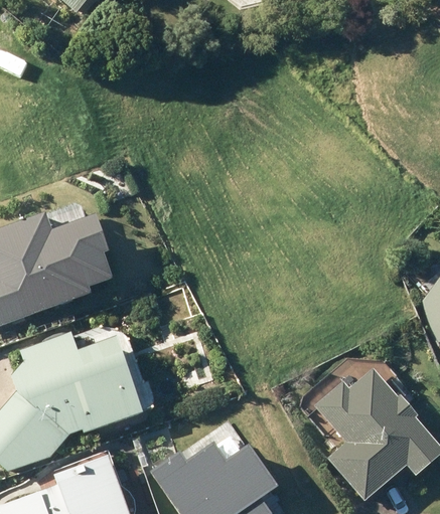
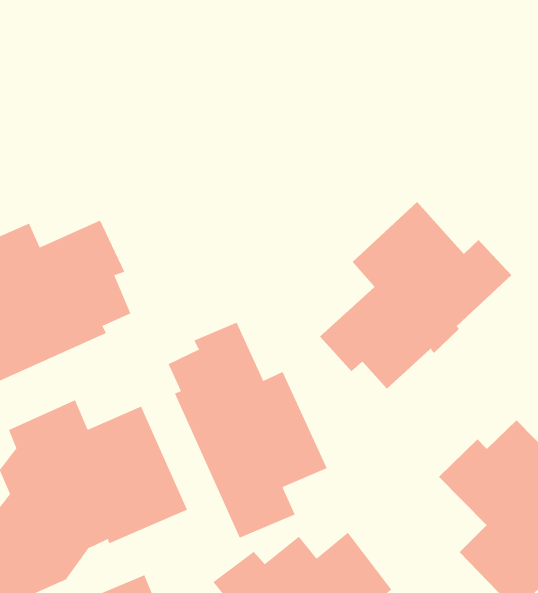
building: none -> [319,201,512,389]
building: none -> [168,322,327,539]

